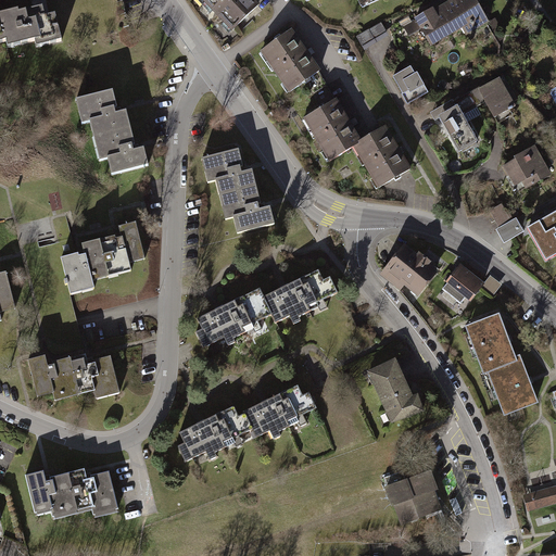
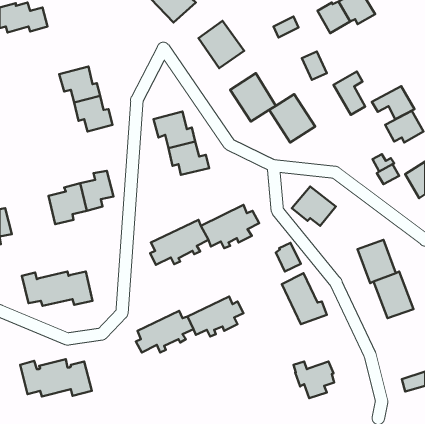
building: [465,73,520,116] -> [372,86,414,119]
building: [441,263,485,302] -> none
building: none -> [276,243,301,271]

